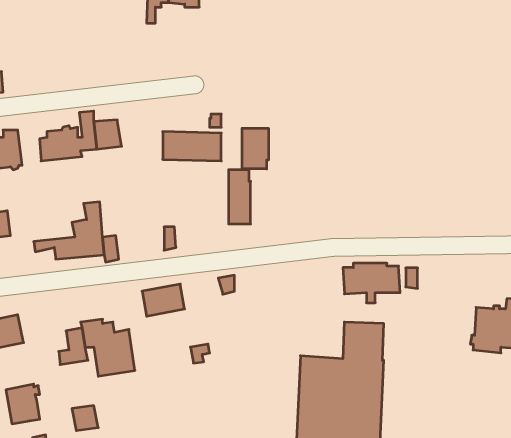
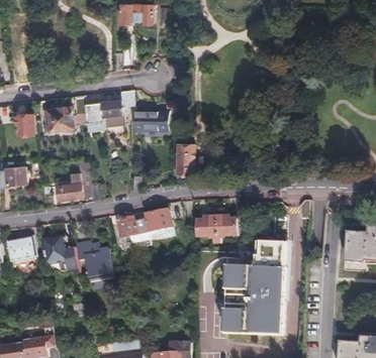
building: none -> [100,91,131,126]
building: [242,128,268,169] -> none
building: [343,263,400,303] -> [196,216,236,243]
building: none -> [144,211,172,242]
building: [6,384,40,424] -> [43,237,67,264]

